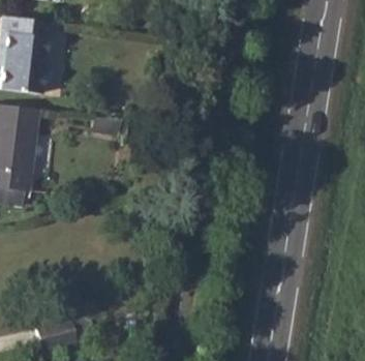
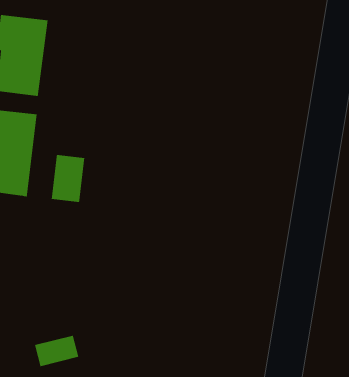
building: none -> [51,154,85,203]

